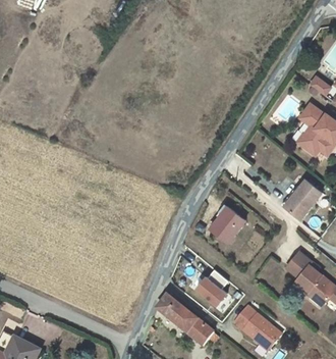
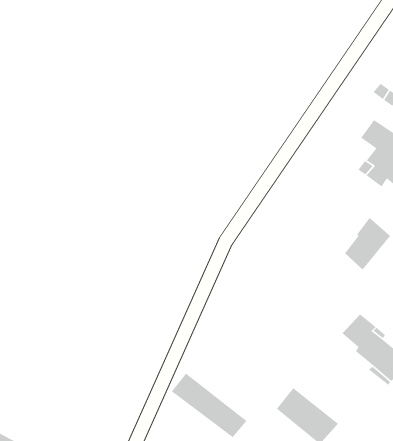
building: [212,202,246,242] -> none
building: [194,270,227,307] -> none

